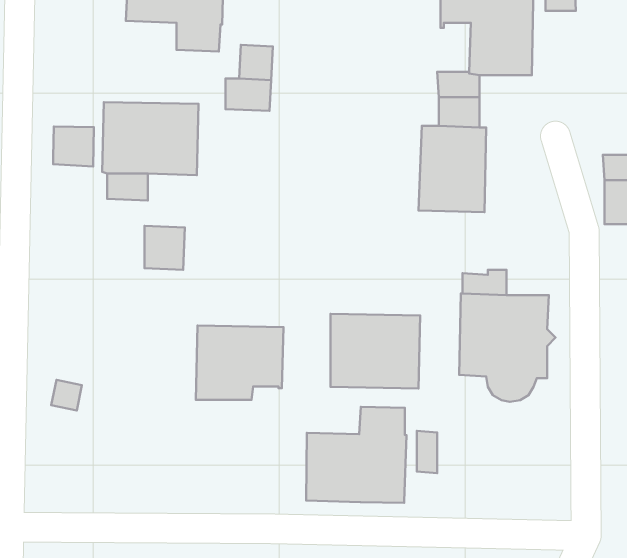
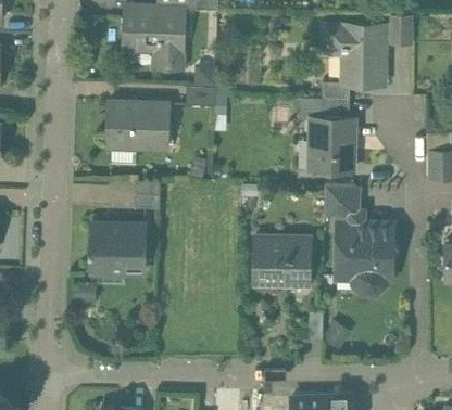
building: [53,126,94,167] -> none
building: none -> [324,184,355,212]
building: [196,325,284,400] -> [89,223,146,271]
building: [306,407,407,503] -> none

